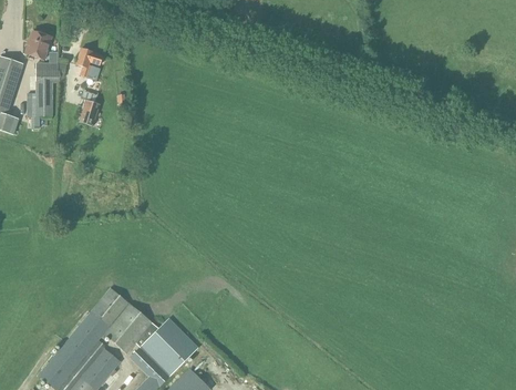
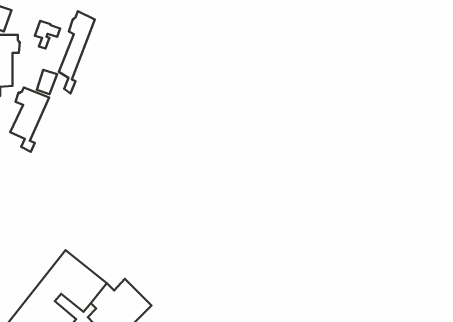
building: none -> [59,11,95,93]
building: none -> [10,87,49,152]

